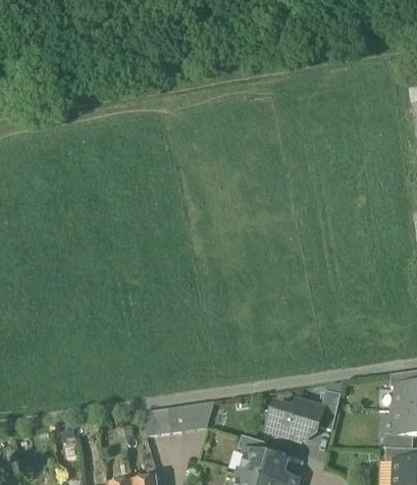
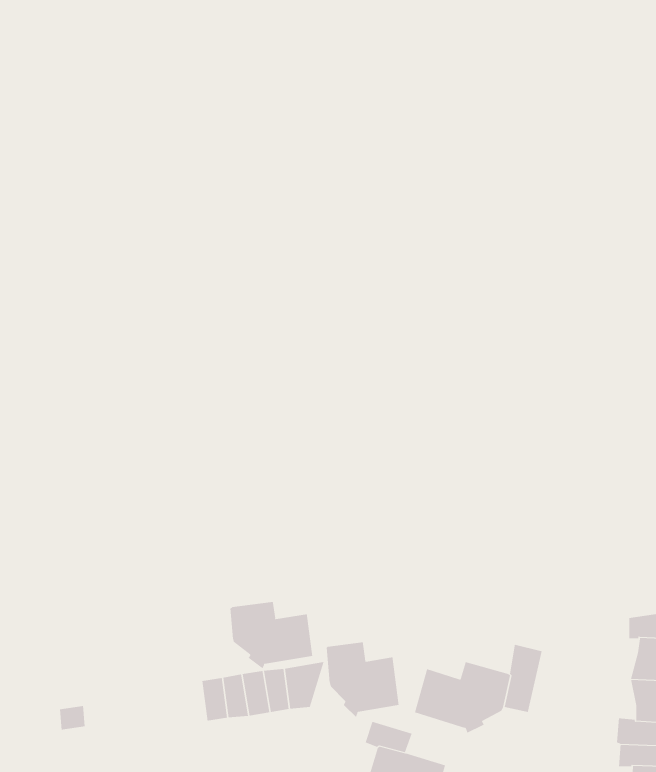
building: none -> [230,601,313,669]
building: none -> [326,641,399,718]

